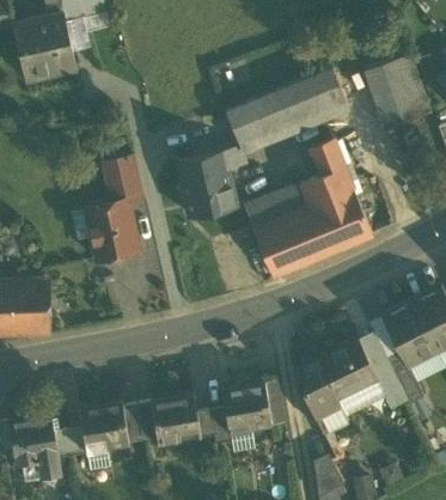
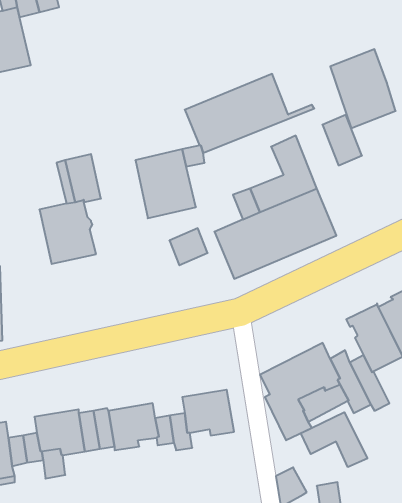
building: [310,68,348,117] -> [322,115,362,165]
building: [244,195,281,231] -> [169,228,208,265]
building: none -> [301,412,367,467]

